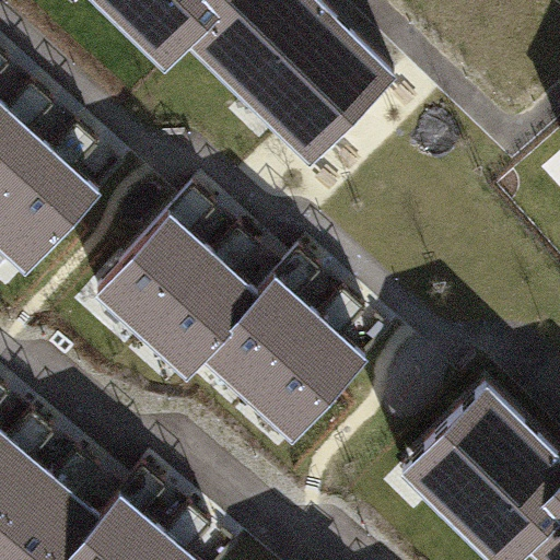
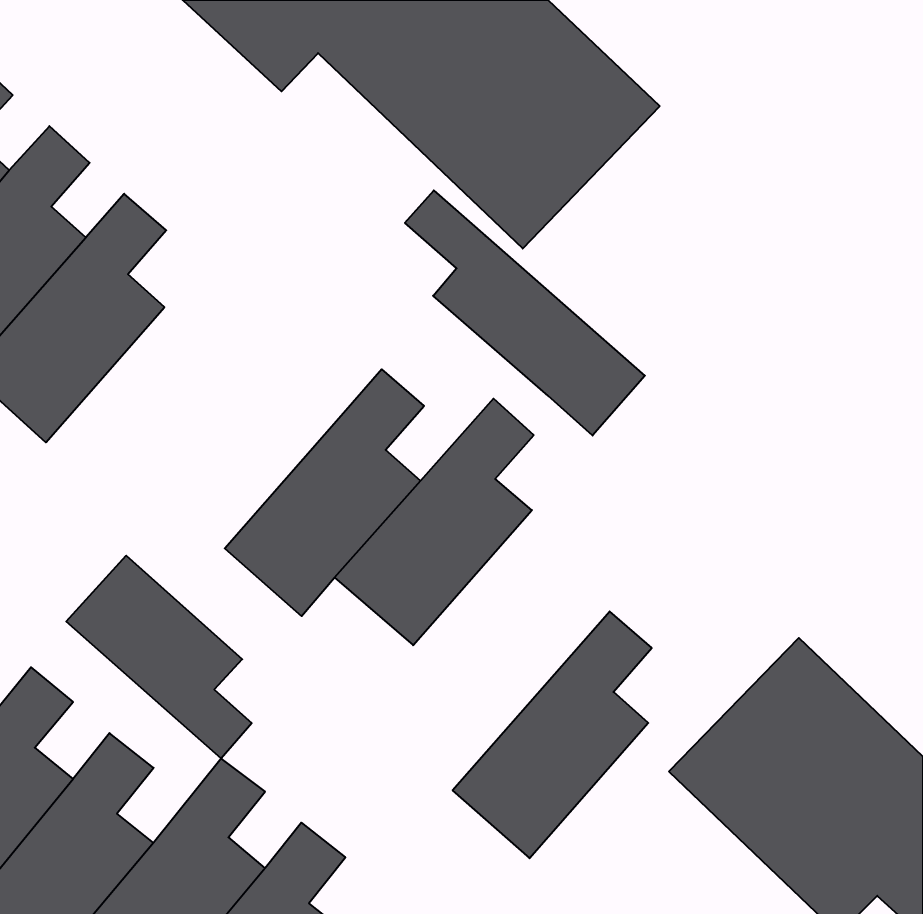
building: none -> [405,190,645,436]
building: [89,192,207,340] -> none
building: [247,291,366,439] -> [453,611,652,858]
building: none -> [66,556,252,759]

